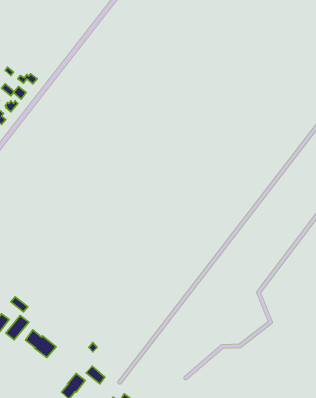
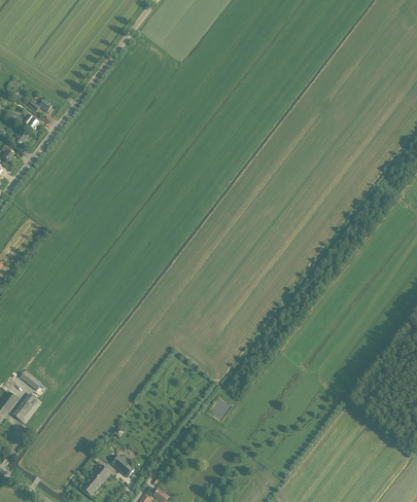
building: [26,330,56,357] -> none

